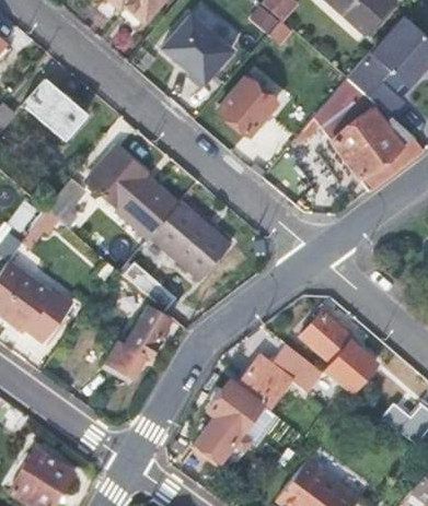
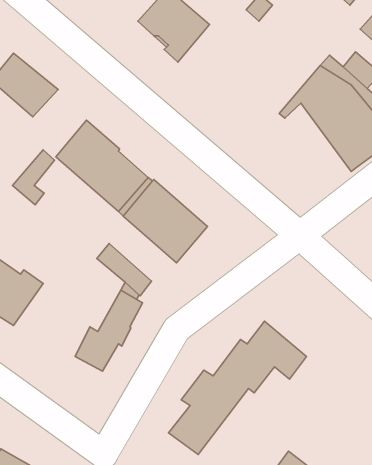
building: [217,78,275,137] -> none
building: [305,311,380,392] -> none

